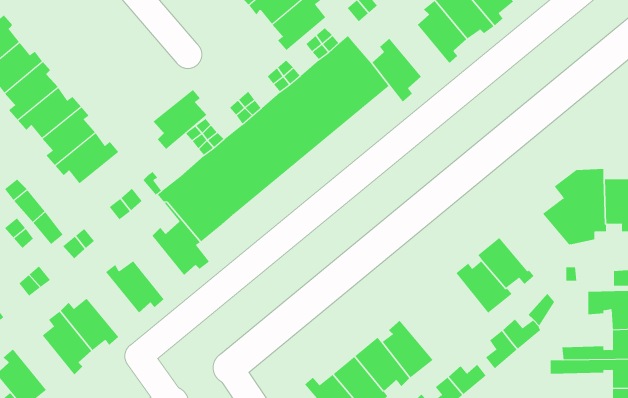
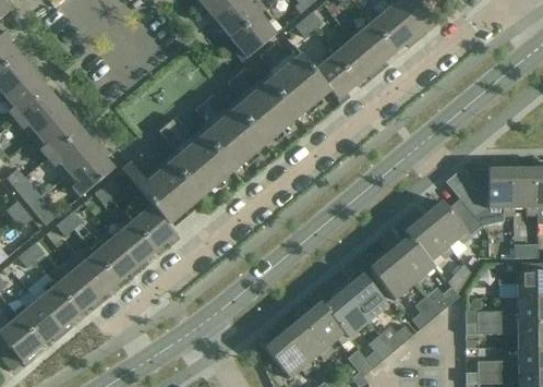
building: none -> [330,39,381,83]
building: [153,89,207,150] -> [69,146,114,197]
building: none -> [423,198,482,246]
building: none -> [114,217,157,270]
building: none -> [75,247,119,302]
building: none -> [370,249,413,299]
building: none -> [339,275,387,322]
building: none -> [13,301,64,347]

